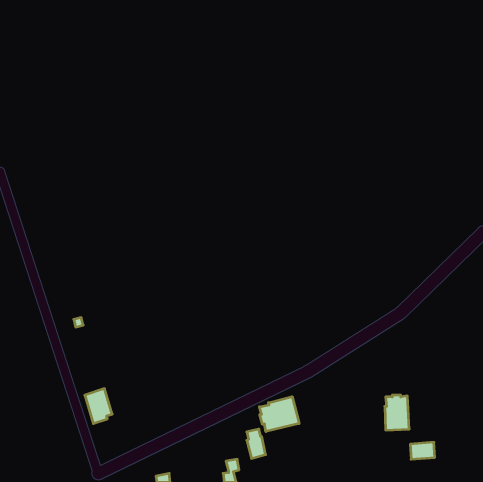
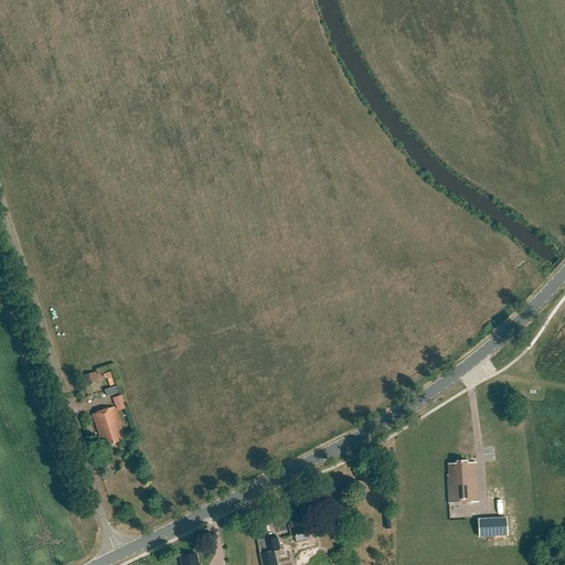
building: [85,389,112,424] -> [93,407,125,448]
building: [259,397,299,432] -> none

